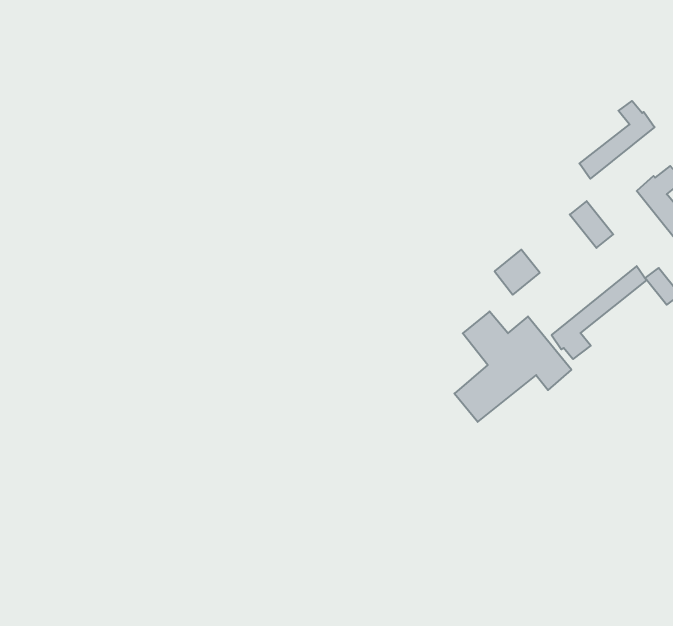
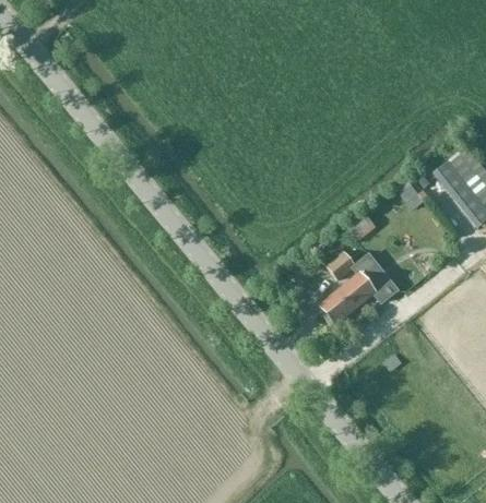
building: [579,101,655,179] -> none
building: [552,266,646,359] -> none

